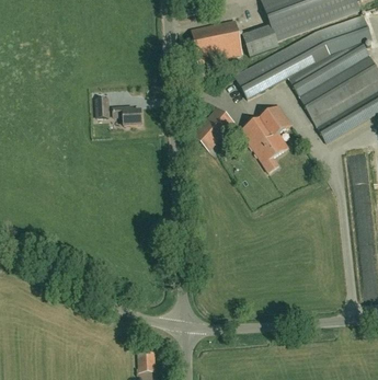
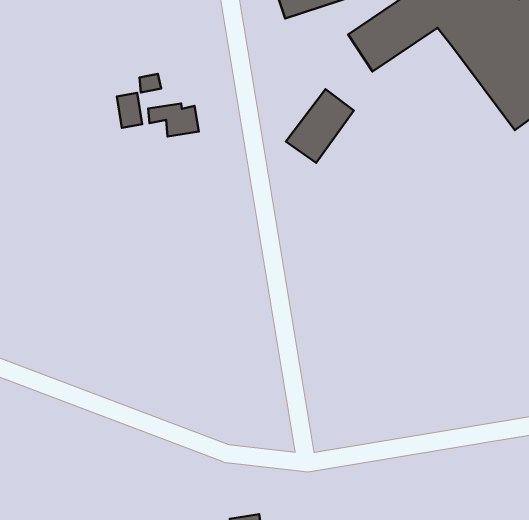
building: [240,105,291,172] -> none

